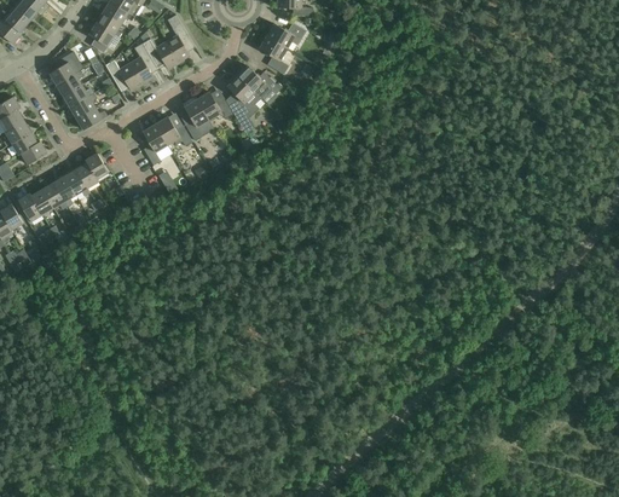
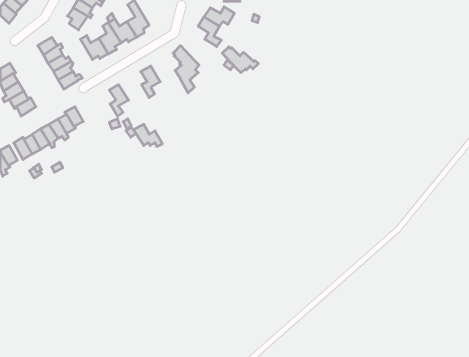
building: [236,64,283,98] -> [222,47,258,73]
building: [197,91,233,120] -> none
building: [155,116,192,145] -> [134,124,162,146]

